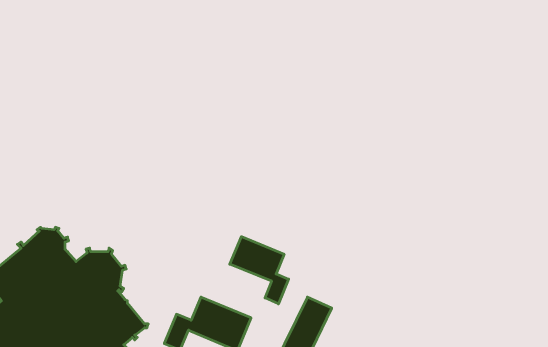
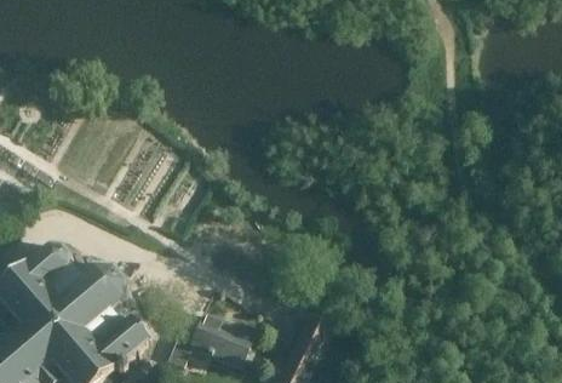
building: [230,237,289,304] -> none

